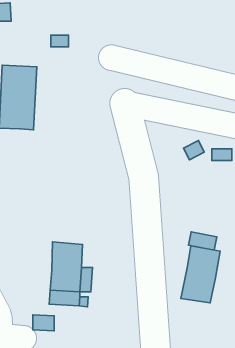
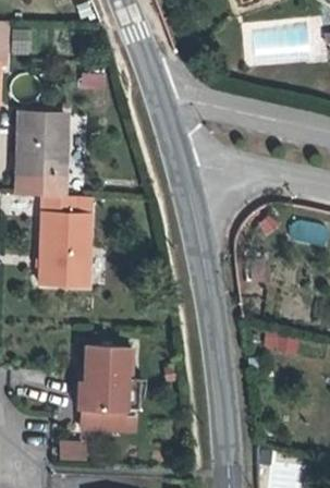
building: none -> [38,196,88,283]
building: [181,246,220,303] -> none

